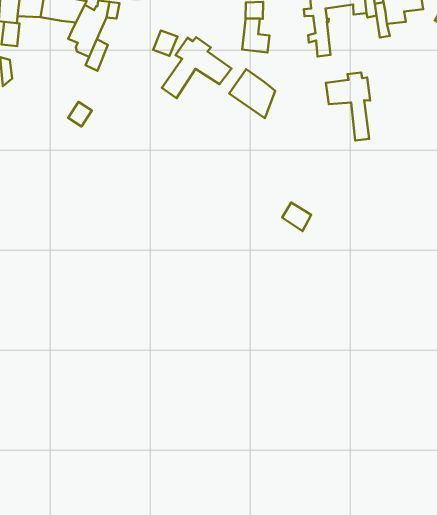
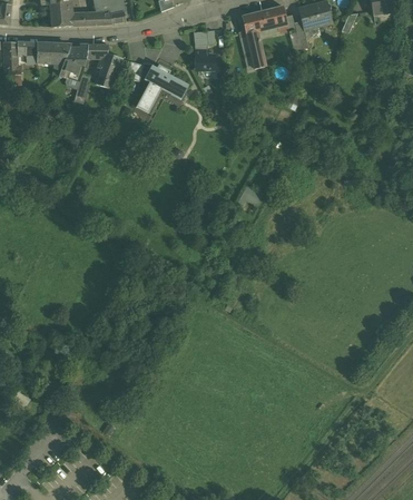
building: none -> [95,51,120,88]
building: [229,69,275,118] -> none
building: [326,73,370,140] -> none

